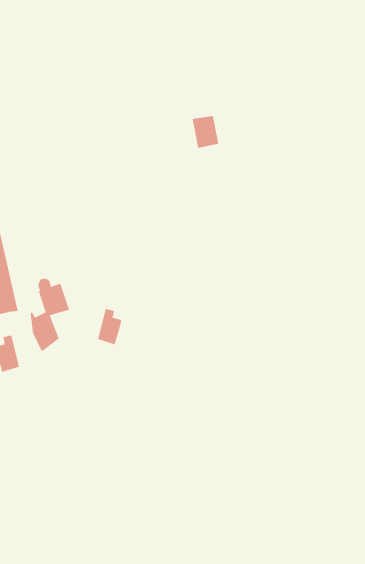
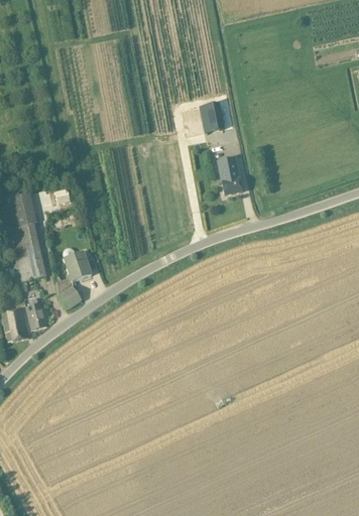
building: none -> [219,157,243,195]
building: [97,308,122,345] -> none

